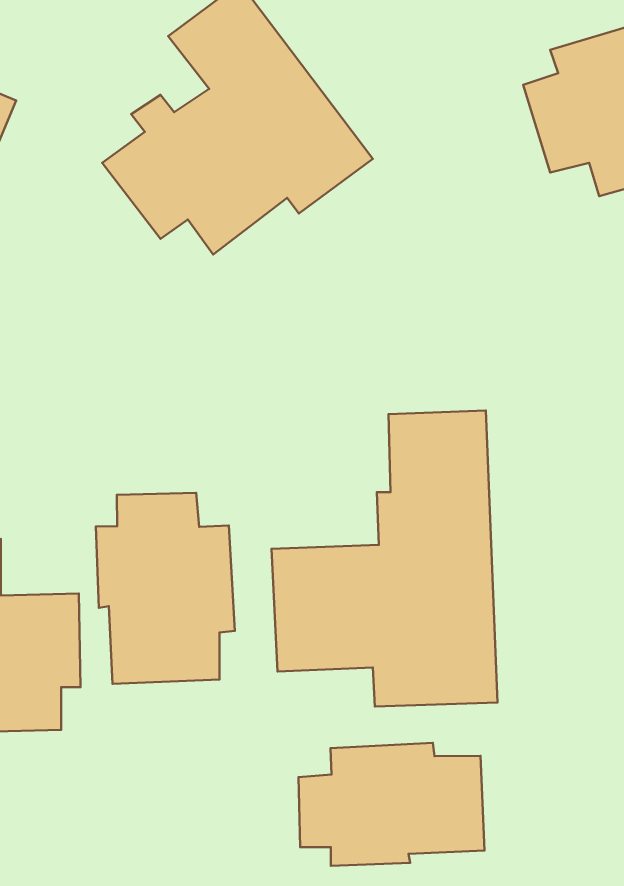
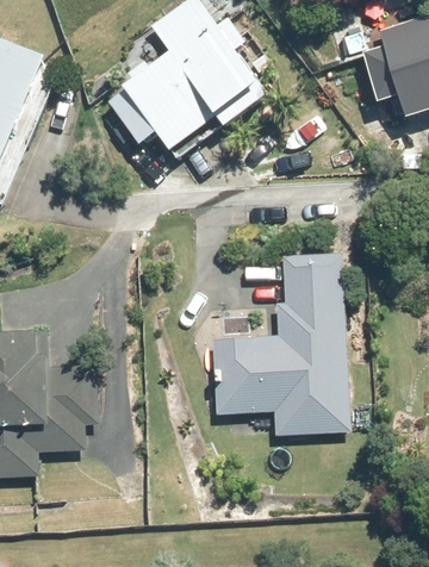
building: [96,493,235,684] -> none
building: [298,743,484,866] -> none

